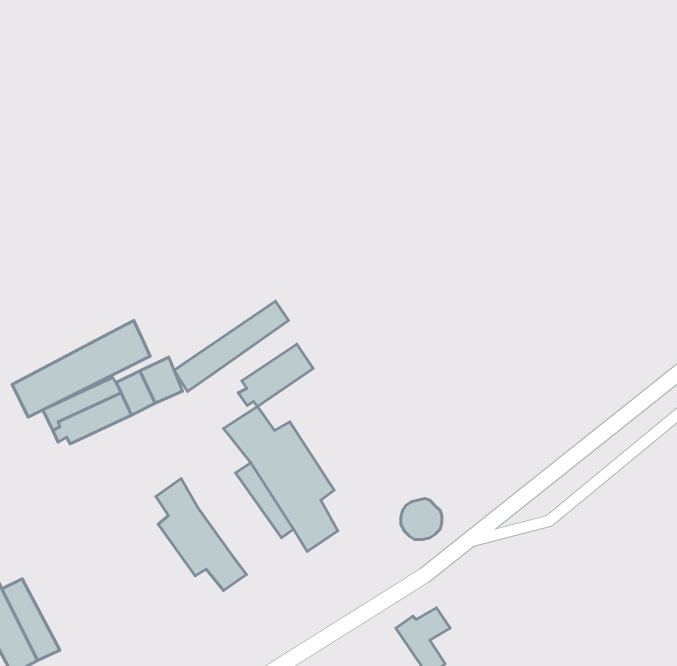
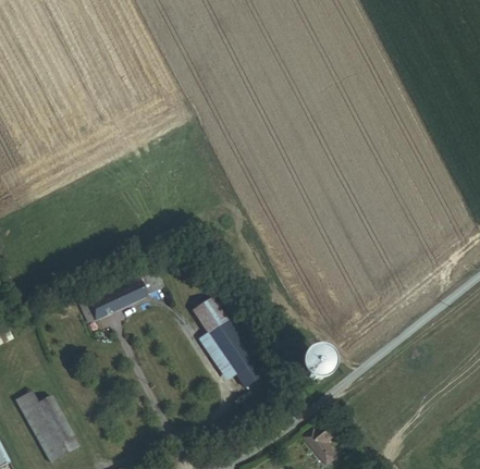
building: [174,301,289,392] -> none
building: [12,321,150,417] -> none
building: [238,344,313,406] -> none
building: [156,478,246,590] -> none

